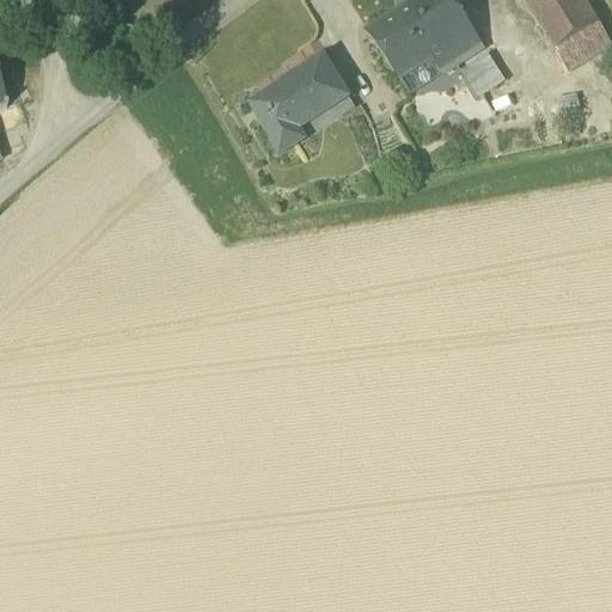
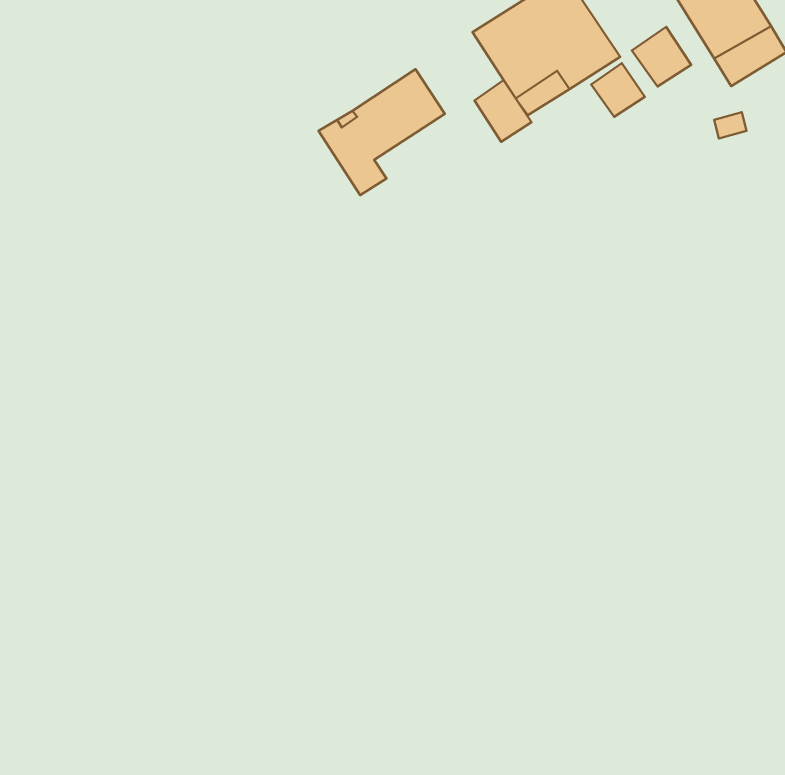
building: none -> [632,27,691,87]
building: none -> [475,80,531,142]

